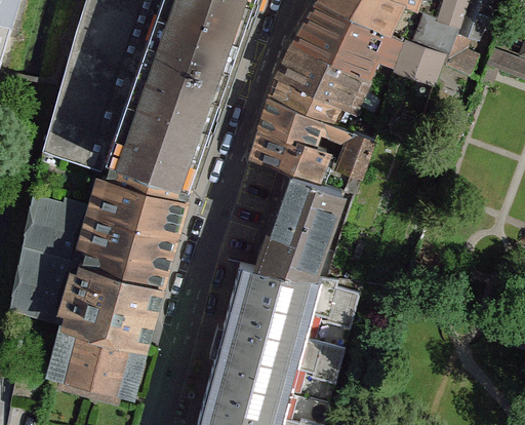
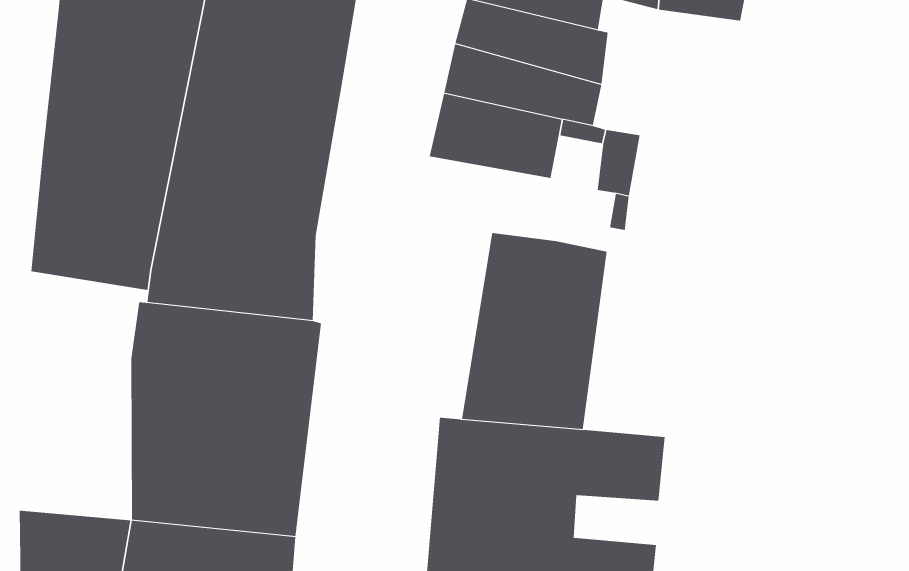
building: [249,126,333,182] -> none
building: [15,194,87,288] -> none

